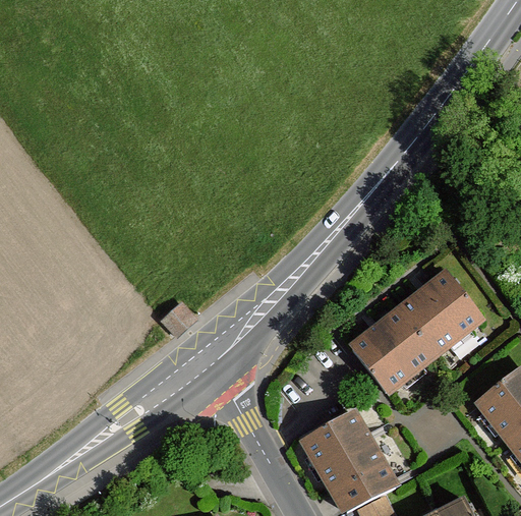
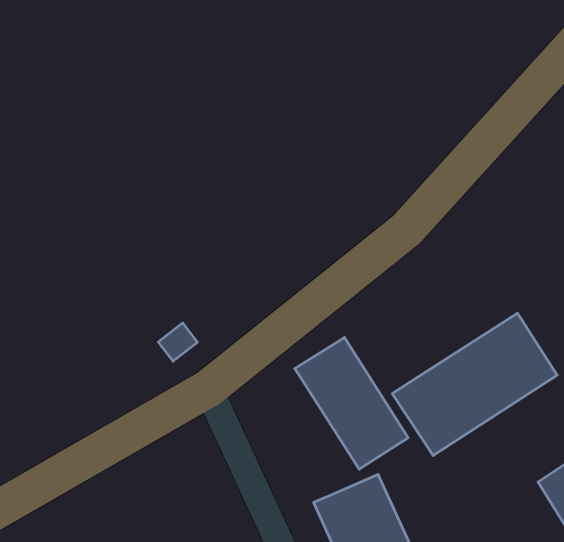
building: none -> [295,337,408,469]

